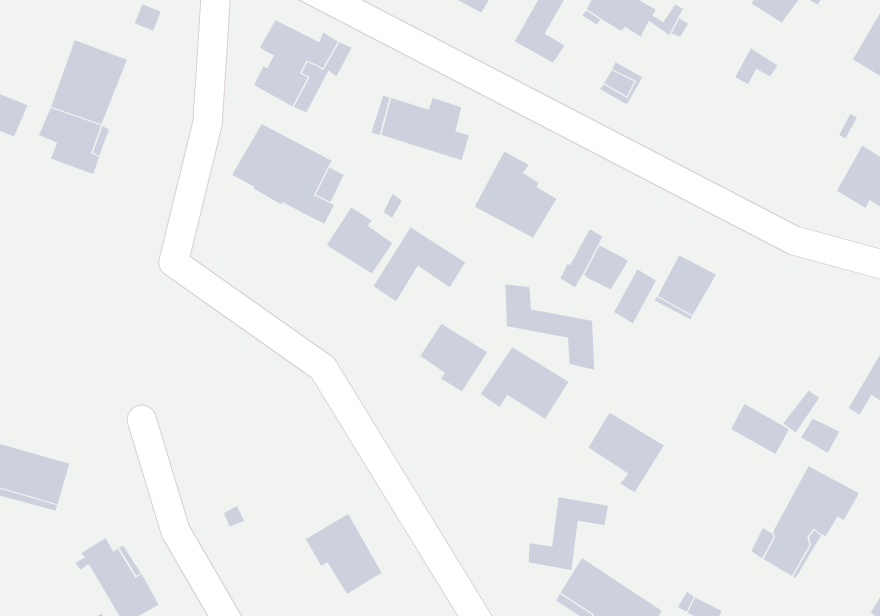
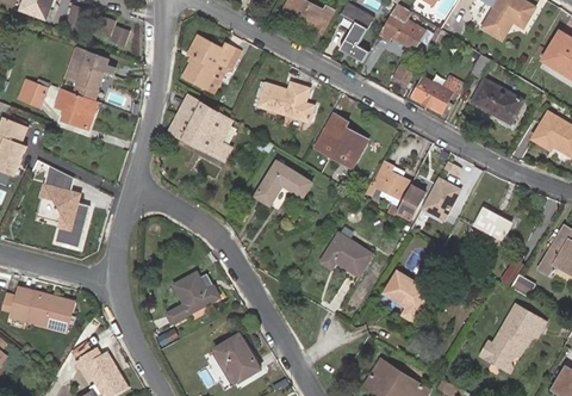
building: none -> [411,75,464,112]
building: none -> [471,78,522,123]
building: [326,207,393,274] -> none
building: none -> [37,166,87,247]
building: [505,284,595,370] -> none
building: [419,323,488,392] -> none
building: [730,403,790,455] -> [473,208,509,239]
building: none -> [164,271,219,322]
building: [528,497,609,571] -> none

